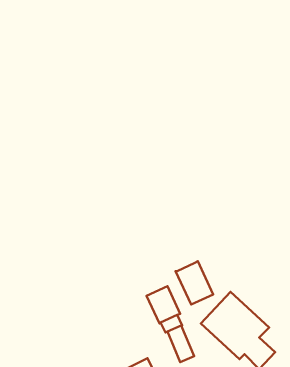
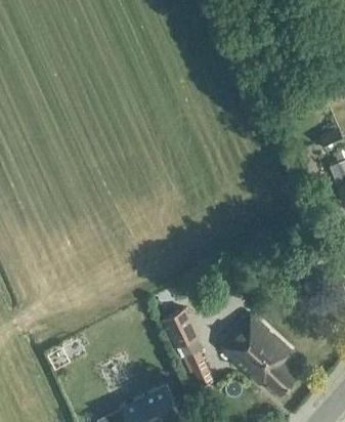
building: [176,261,213,305] -> none

